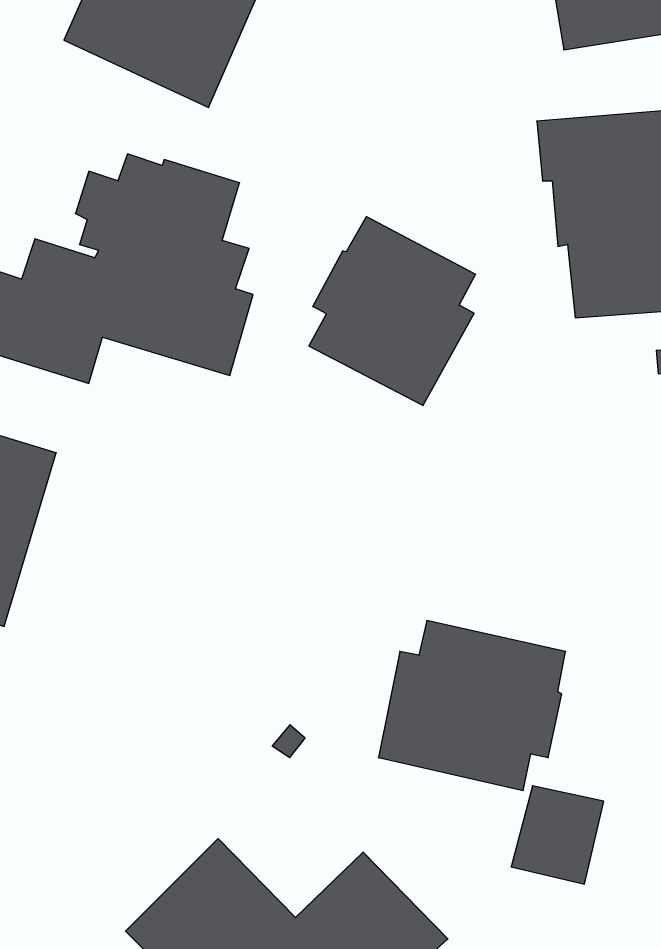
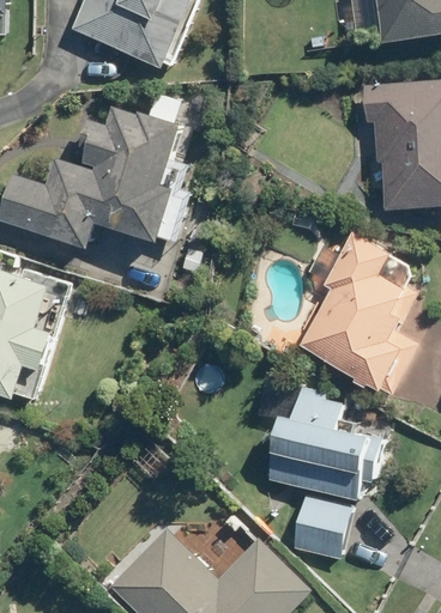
building: [309,217,475,406] -> none
building: none -> [296,230,417,397]
building: [511,786,604,884] -> [290,498,348,559]

